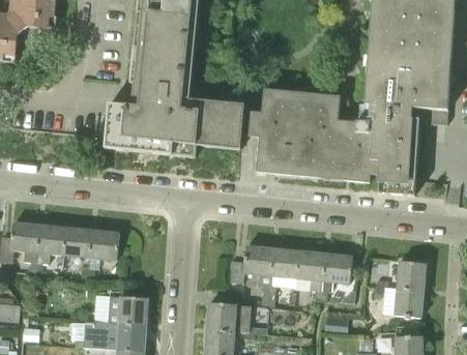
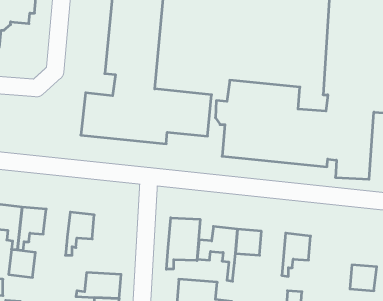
building: [63,227,92,257] -> [9,249,35,277]
building: none -> [166,218,200,269]
building: [296,250,324,298] -> none
building: [396,261,425,289] -> none

